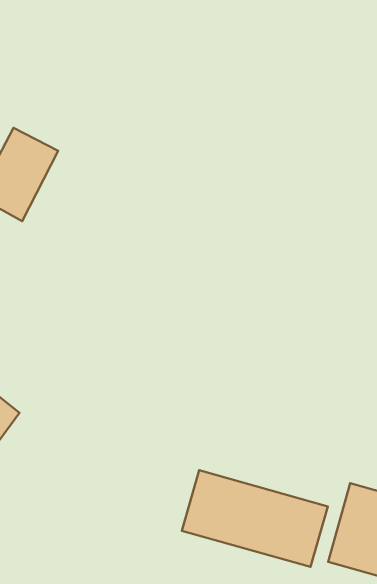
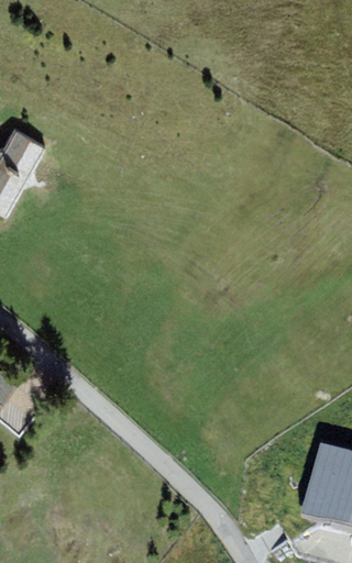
building: [182,470,328,567] -> none

